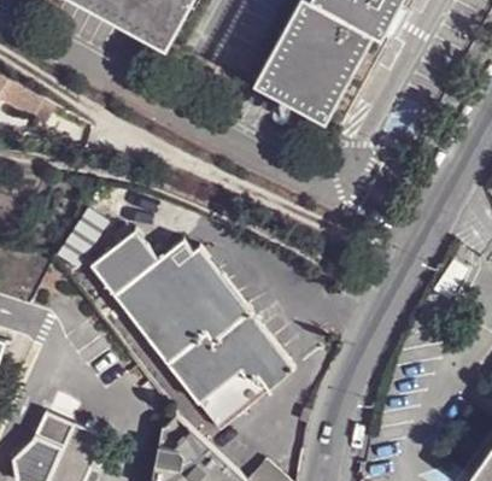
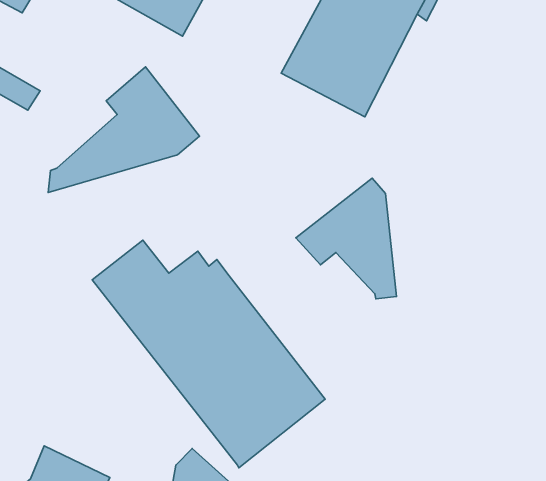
building: none -> [48,67,200,193]
building: none -> [296,178,396,299]

